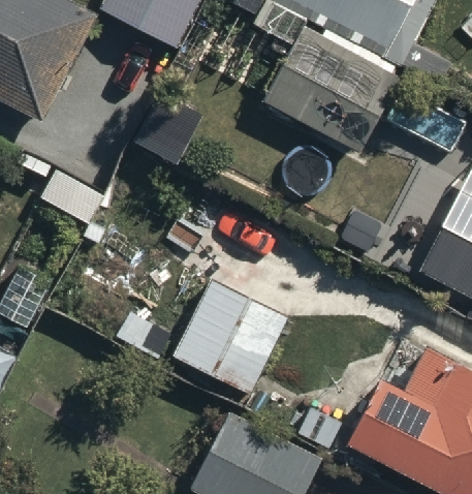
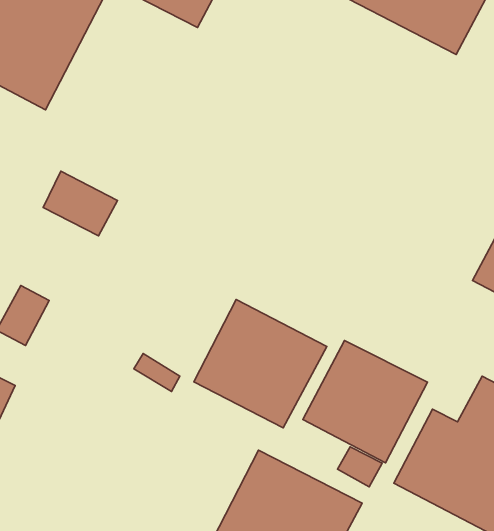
building: [265,29,401,149] -> none
building: none -> [303,340,427,463]

